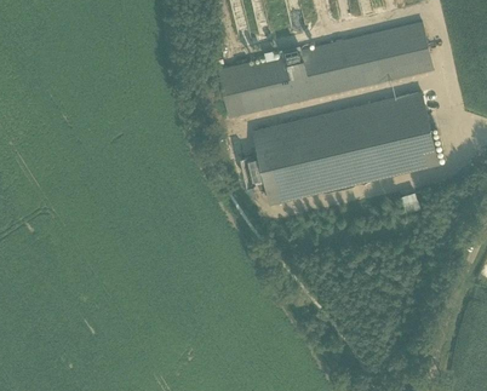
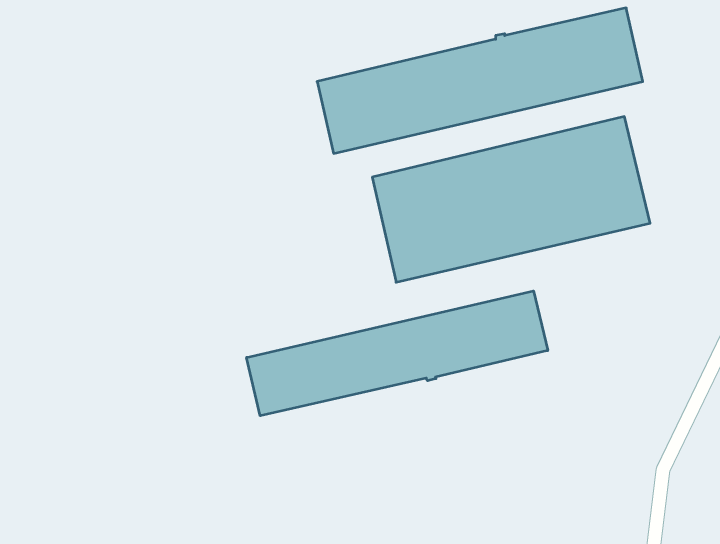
building: none -> [247,291,548,416]

